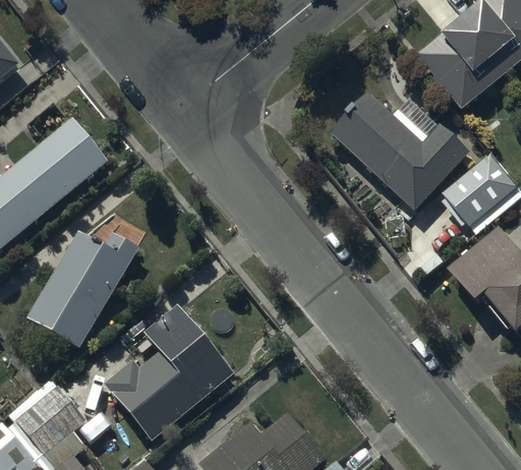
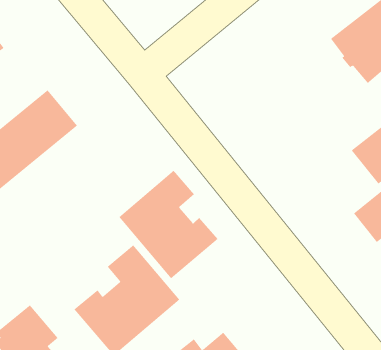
building: [332,92,470,211] -> none
building: none -> [118,170,218,279]
building: [27,230,138,346] -> none

